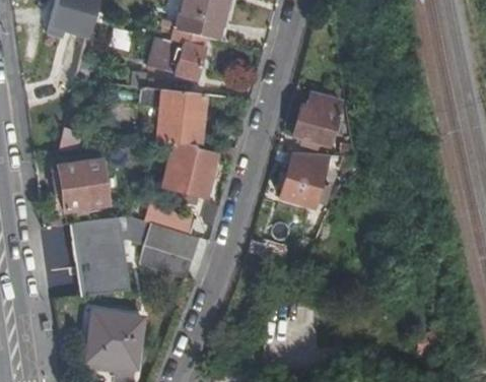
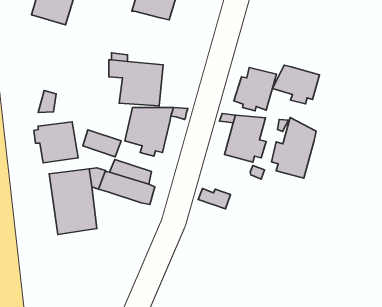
building: [153,28,206,79] -> none
building: none -> [272,65,320,104]
building: none -> [272,117,316,178]
building: [136,244,182,276] -> [83,130,121,157]
building: [86,310,141,368] -> none

